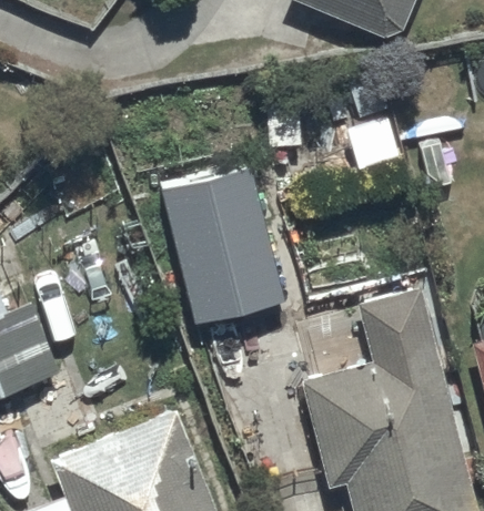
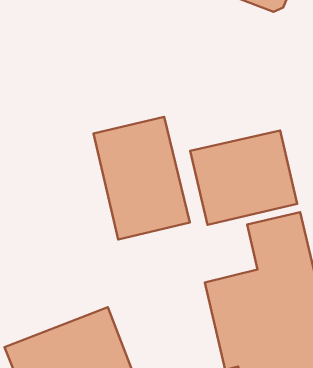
building: none -> [190,130,297,225]

